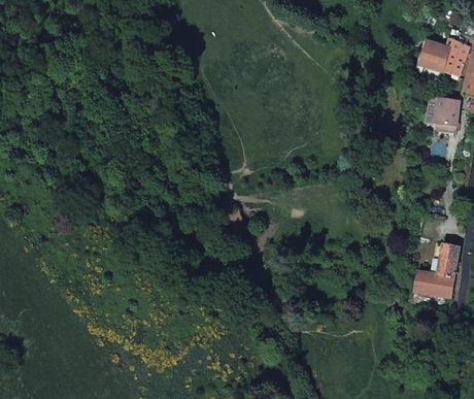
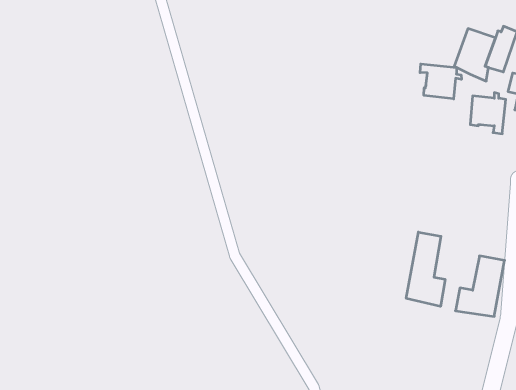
building: none -> [420,64,461,99]
building: none -> [406,232,445,306]

